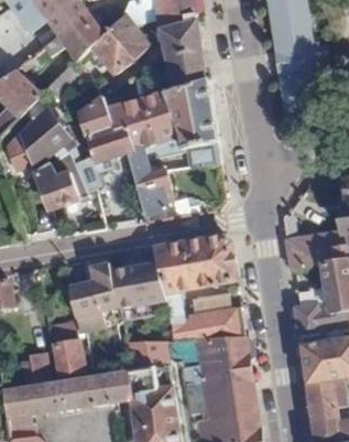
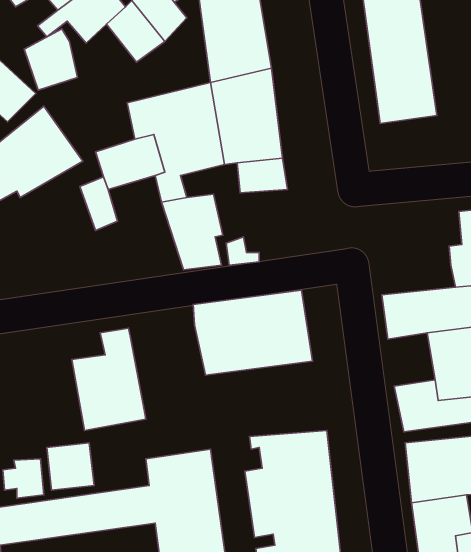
building: [75,94,112,137] -> [24,29,77,90]
building: [33,168,79,211] -> none
building: [109,258,166,317] -> none
building: [171,305,247,338] -> none

